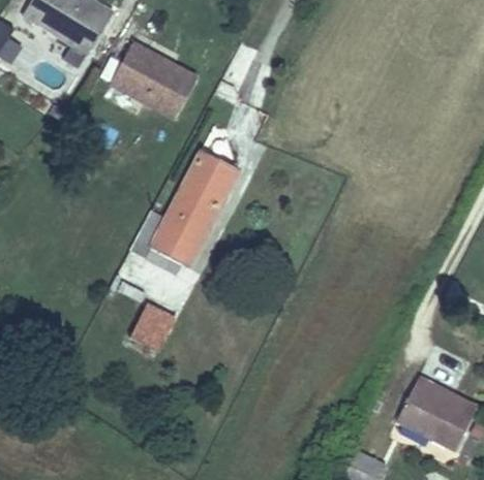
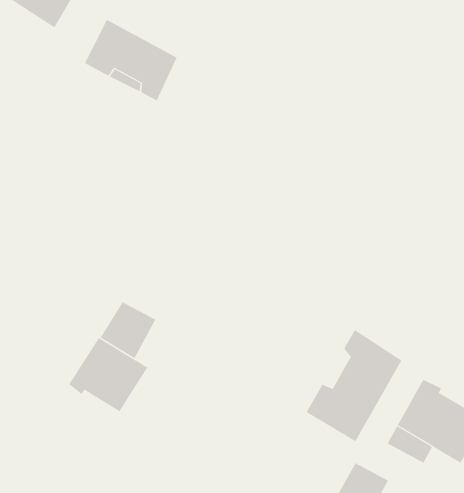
building: [128,142,244,273] -> none
building: none -> [306,329,402,442]
building: none -> [69,337,148,412]

